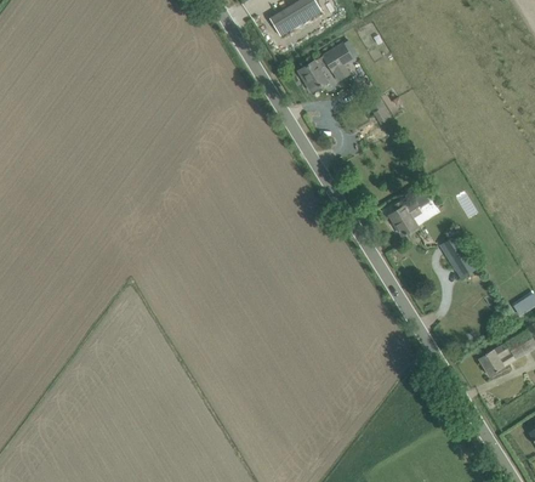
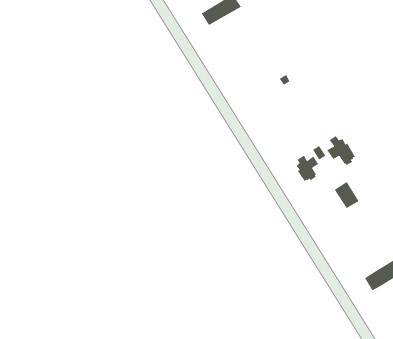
building: [298,42,352,91] -> none
building: none -> [327,135,356,166]

